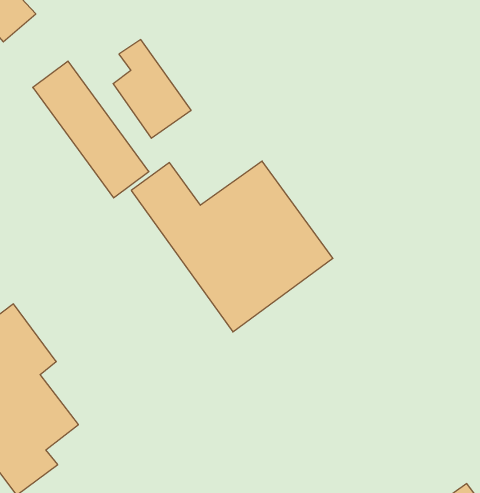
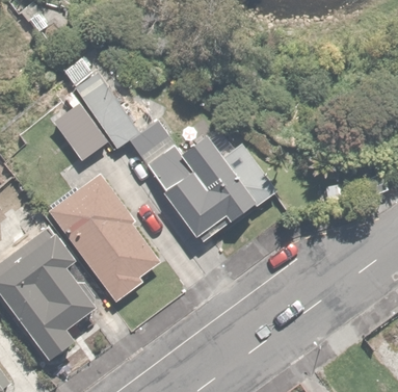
building: [113,40,191,138] -> [51,92,106,161]
building: none -> [47,178,160,302]

